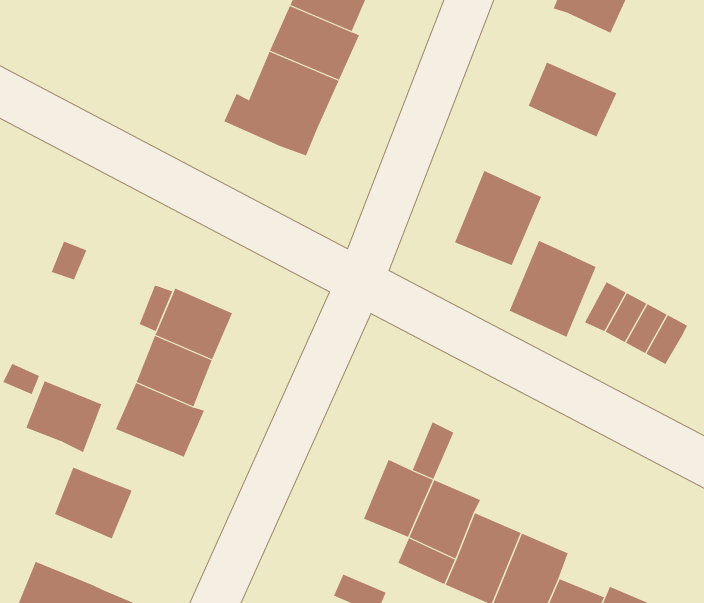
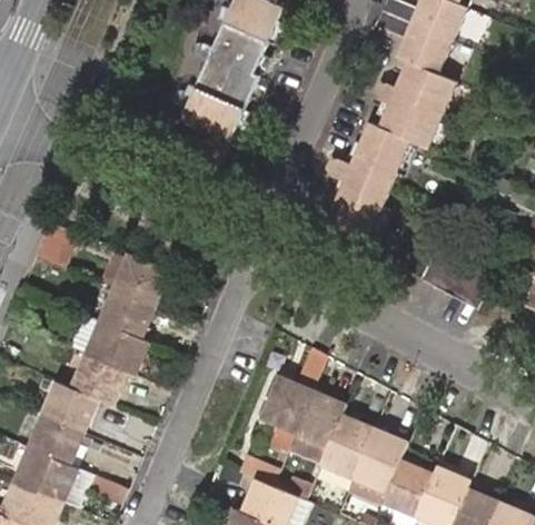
building: none -> [392,59,455,116]
building: [509,240,597,337] -> [347,120,409,189]
building: [25,381,102,453] -> [72,354,127,405]
building: none -> [29,414,83,464]

